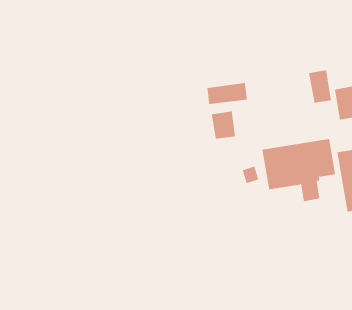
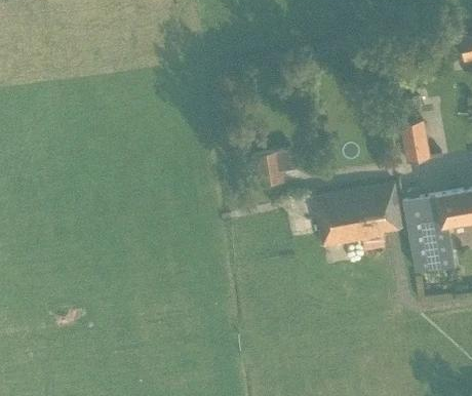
building: [308,69,331,104] -> none
building: [207,82,248,105] -> none

